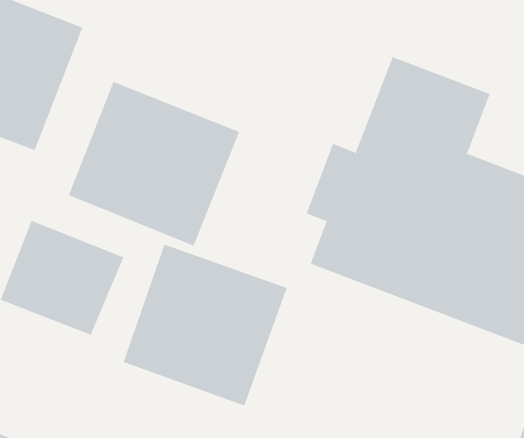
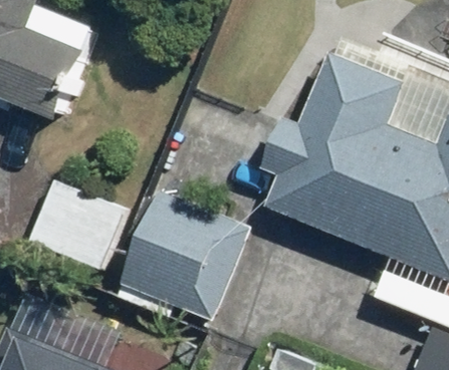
building: [68,81,240,246] -> none

